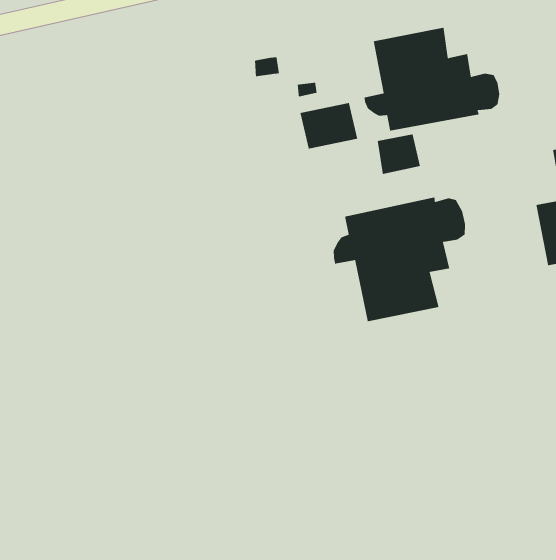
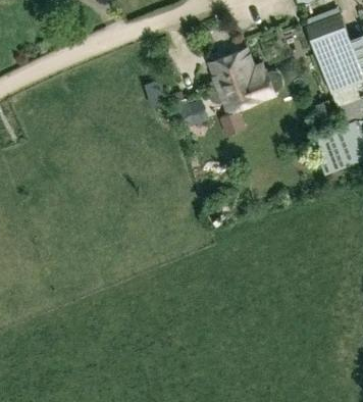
building: [333,196,466,322] -> none

